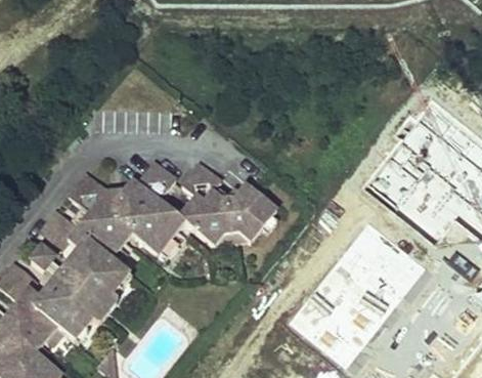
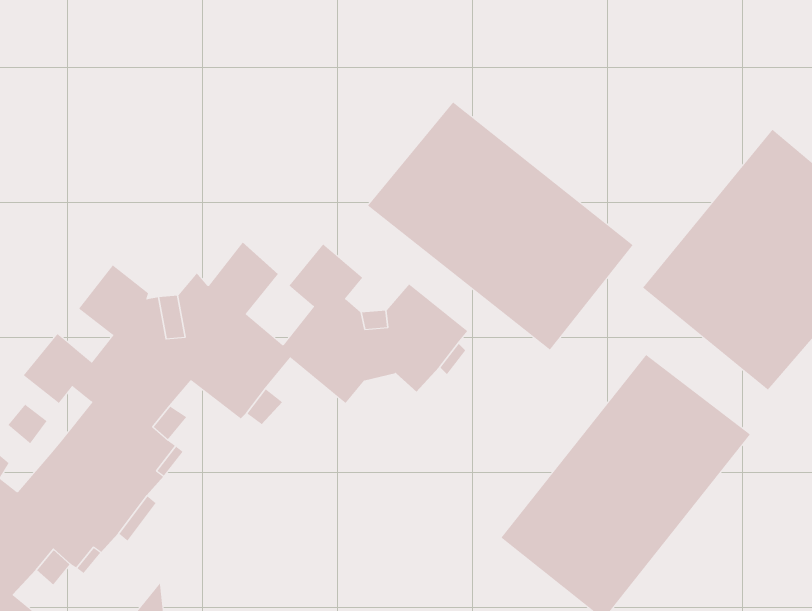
building: none -> [367,101,634,351]

